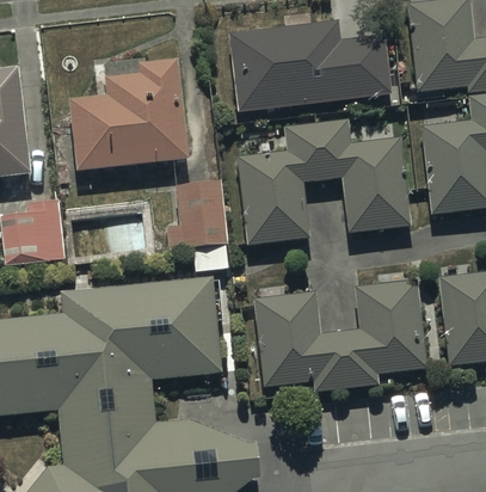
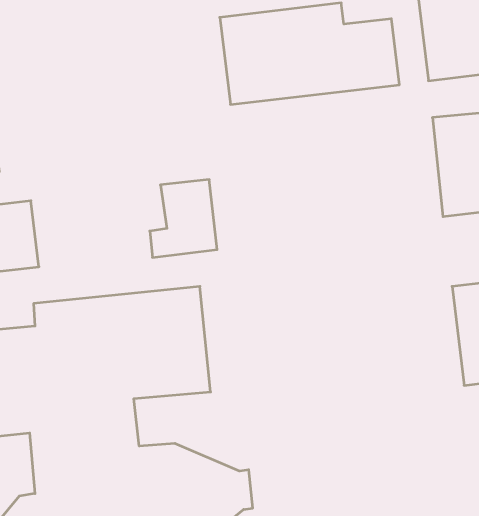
building: [68,60,189,171] -> none
building: [238,119,411,245] -> none
building: [253,279,426,392] -> none

